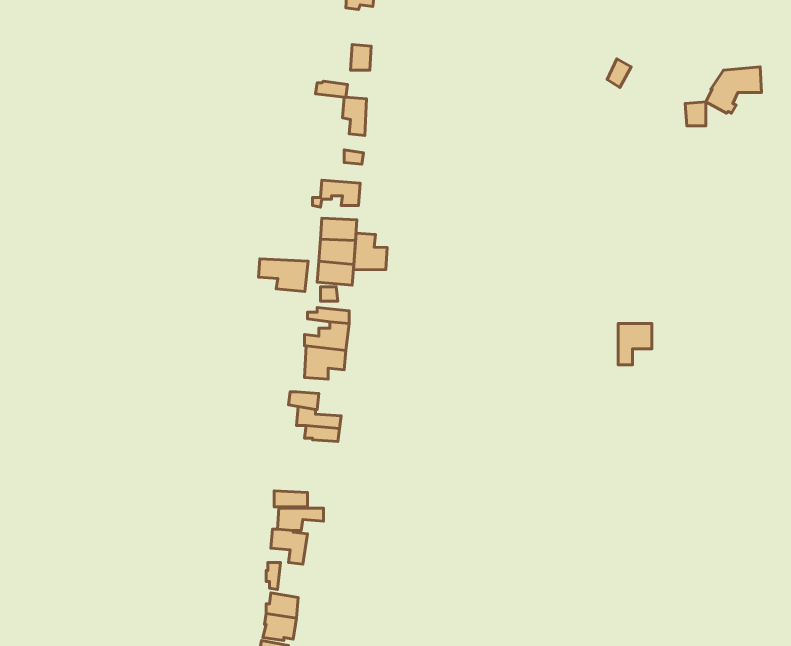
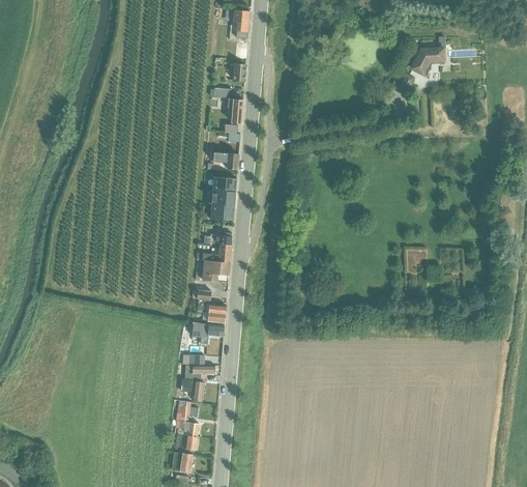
building: [706,67,762,113] -> [409,46,445,76]
building: [353,233,387,270] -> none
building: [259,259,308,292] -> none
building: none -> [186,320,224,343]

